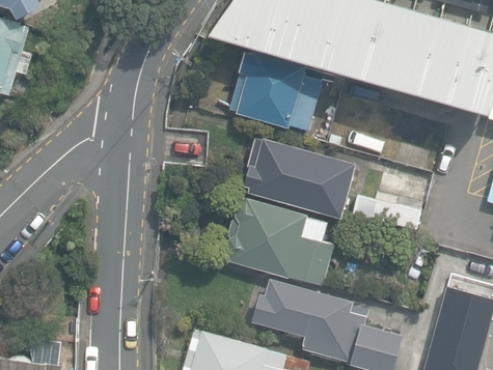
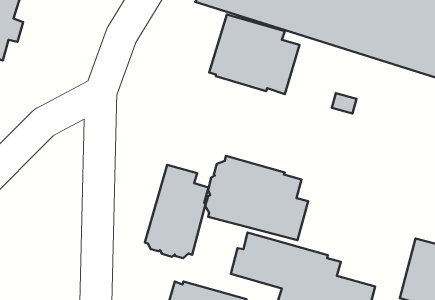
building: [244,137,357,219] -> none
building: none -> [145,165,208,258]

